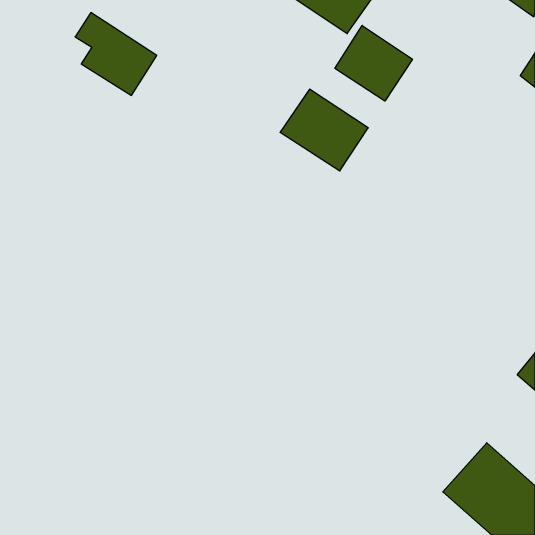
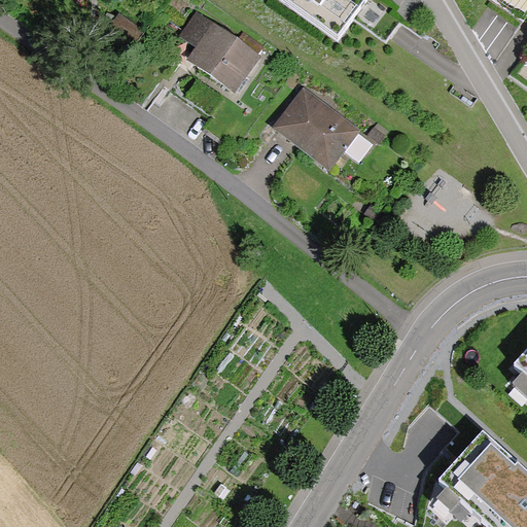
building: [75,13,157,95] -> [181,11,261,93]
building: [335,25,412,101] -> none

